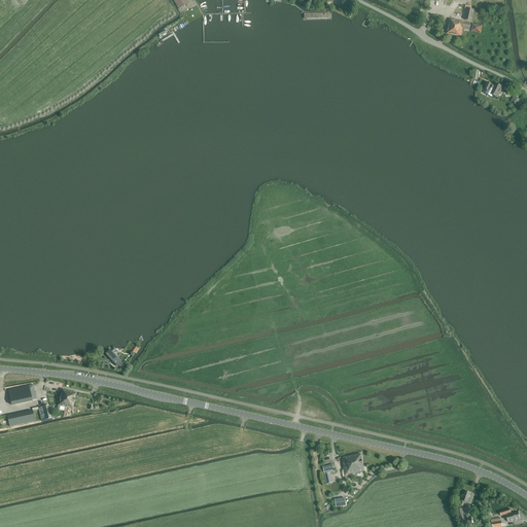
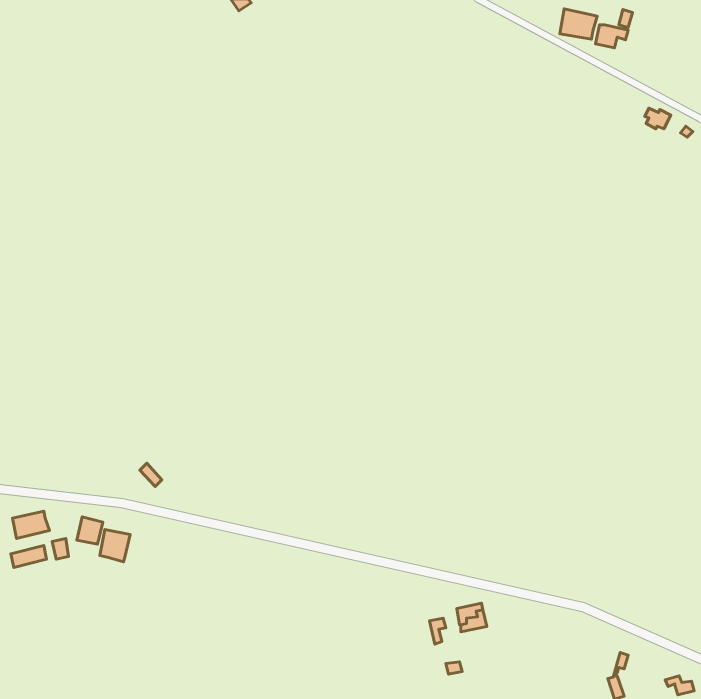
building: none -> [560,9,597,39]
building: none -> [100,529,130,562]

